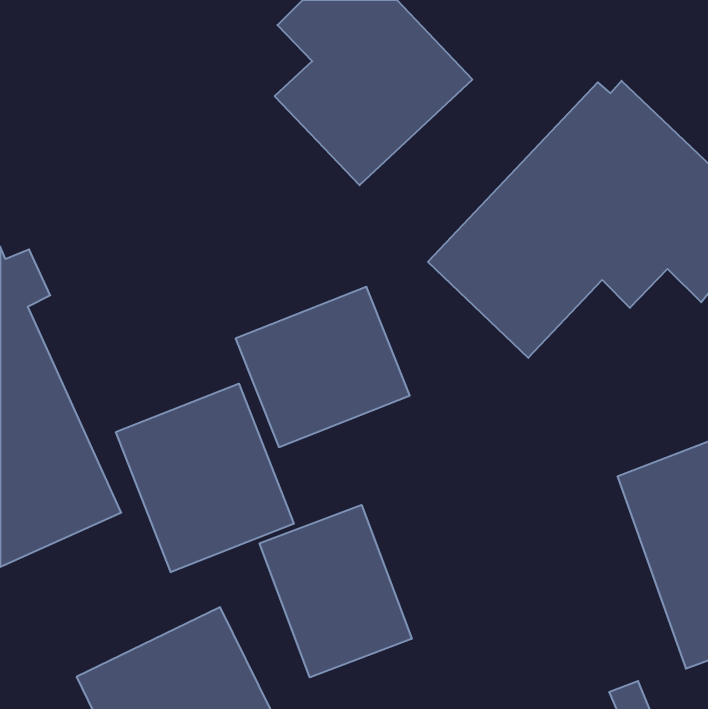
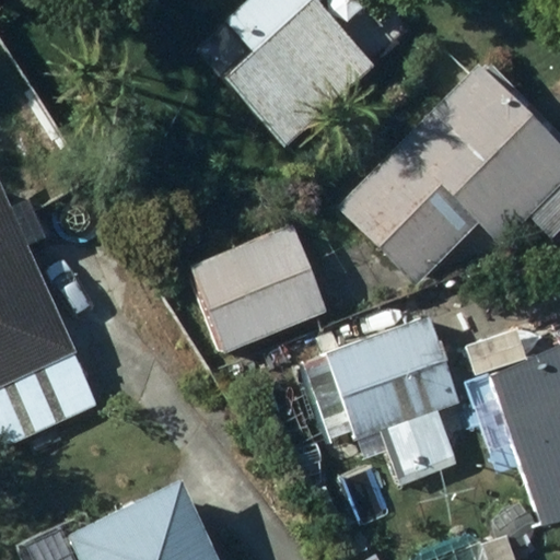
building: [116,384,294,572] -> none
building: none -> [323,316,459,458]
building: [260,505,412,677] -> none

